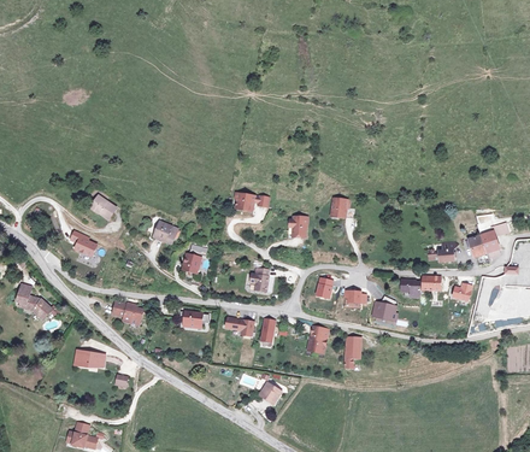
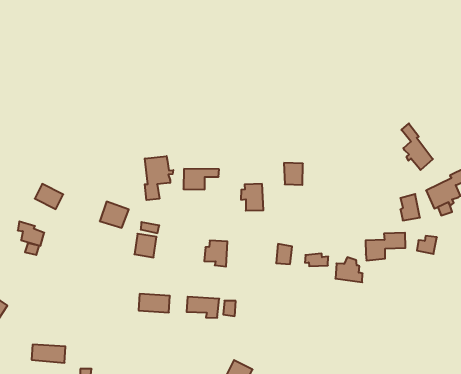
building: none -> [401,123,433,170]
building: none -> [145,156,173,200]
building: [112,300,145,327] -> none
building: [307,324,330,356] -> none
building: [344,336,365,372] -> none

